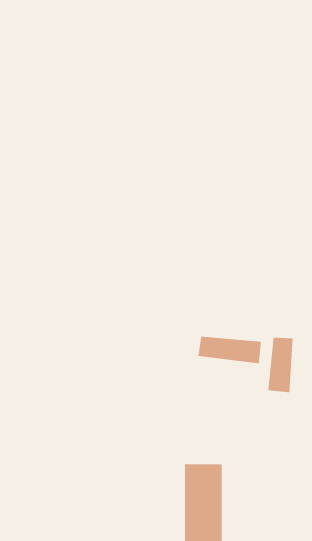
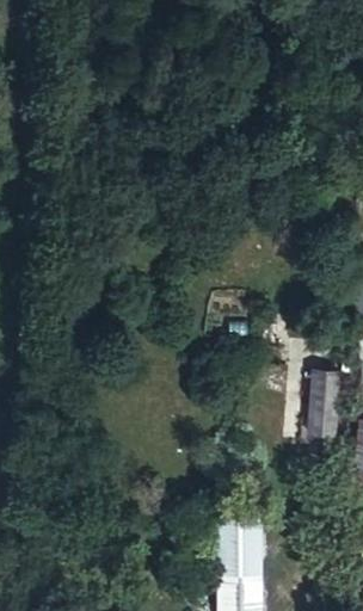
building: [198,336,261,364] -> none

